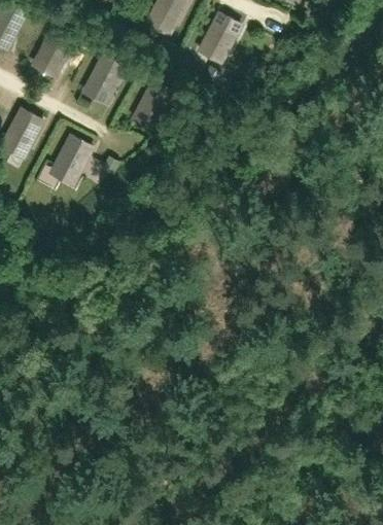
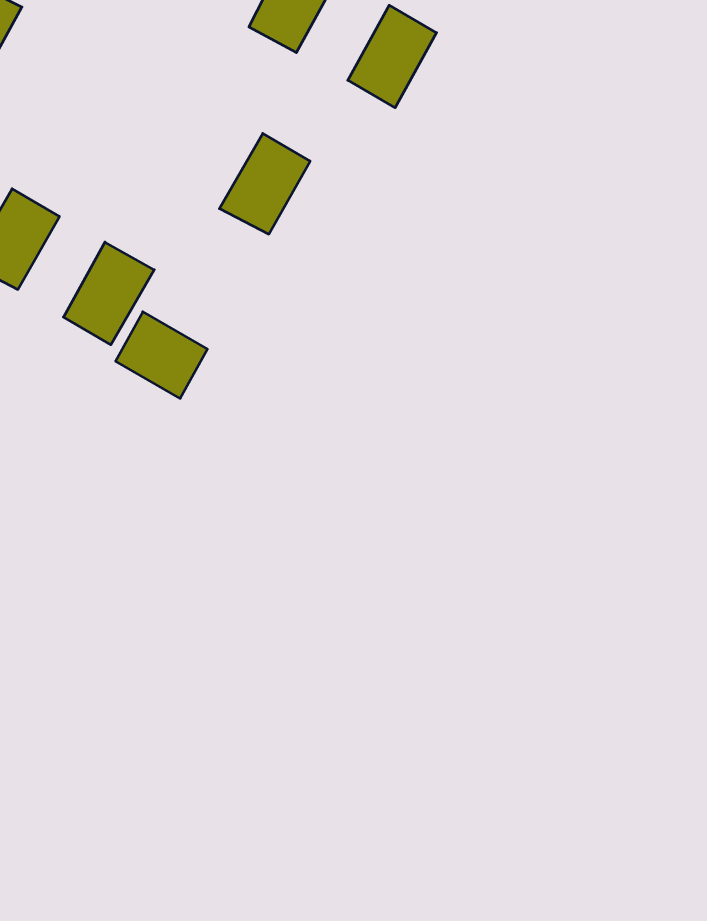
building: [29,25,76,77] -> none
building: [79,52,127,105] -> none
building: none -> [116,312,207,398]

